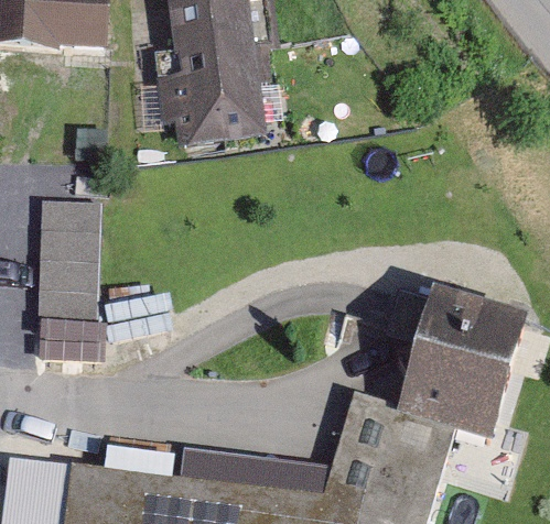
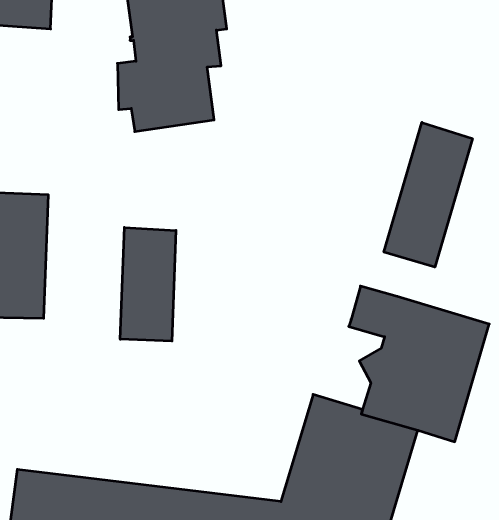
building: none -> [384,122,472,267]
building: none -> [120,227,176,341]

